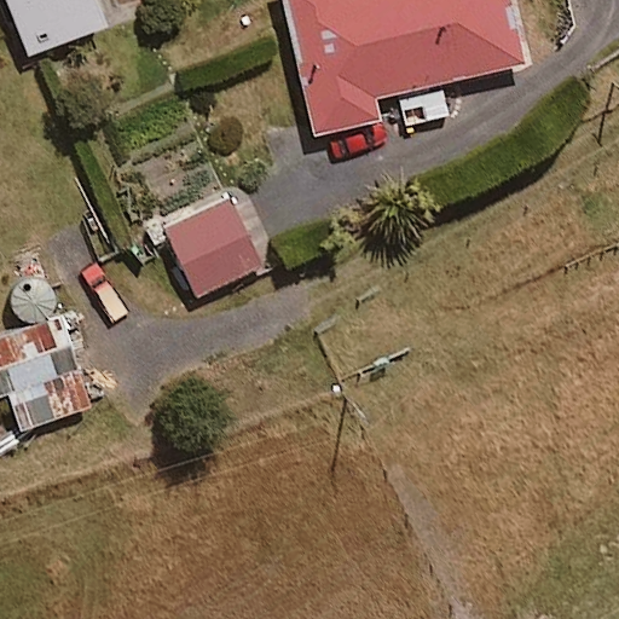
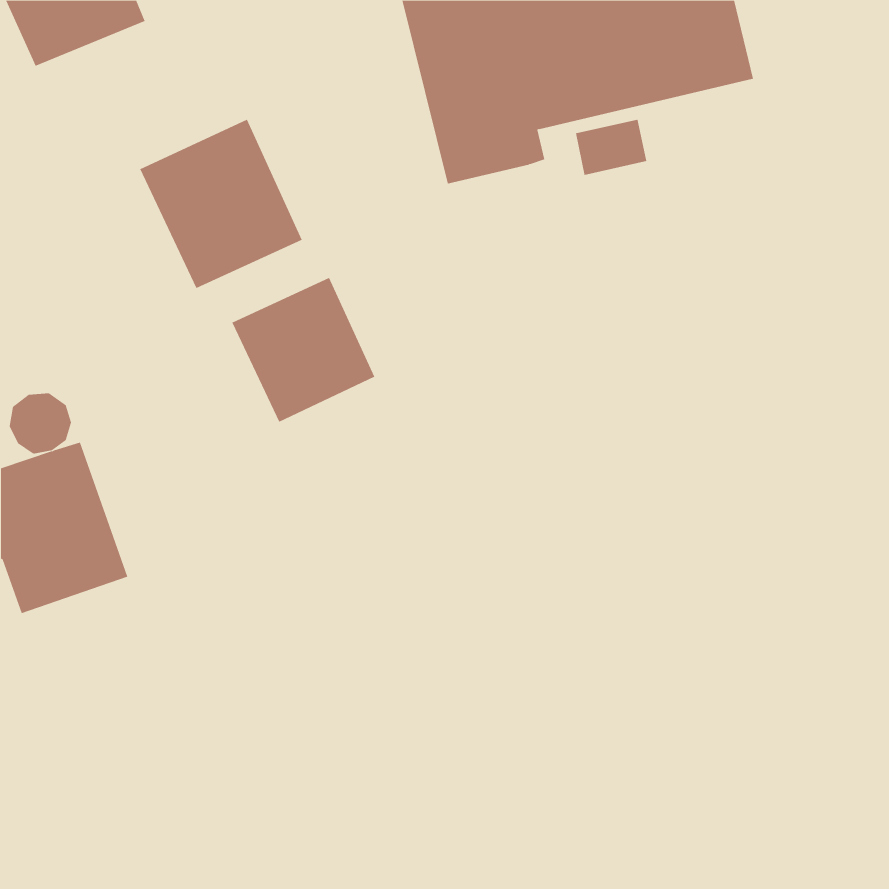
building: none -> [140,119,303,289]

